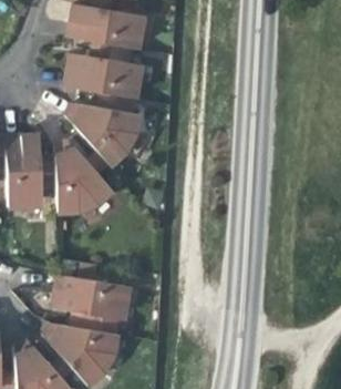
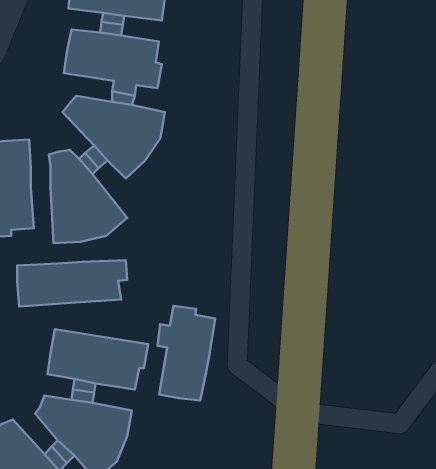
building: none -> [17,260,127,306]
building: none -> [157,306,215,401]

